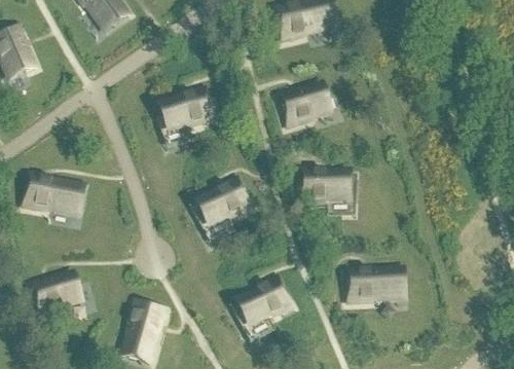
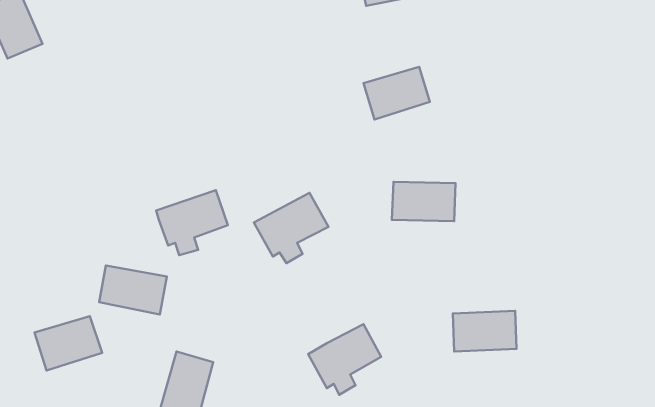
building: [160,91,215,141] -> [156,190,228,255]
building: [24,177,75,214] -> [99,266,167,314]

